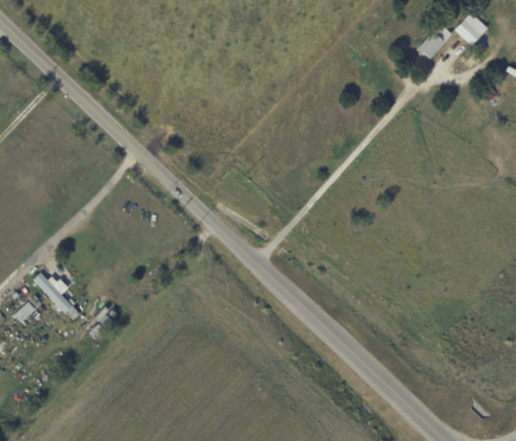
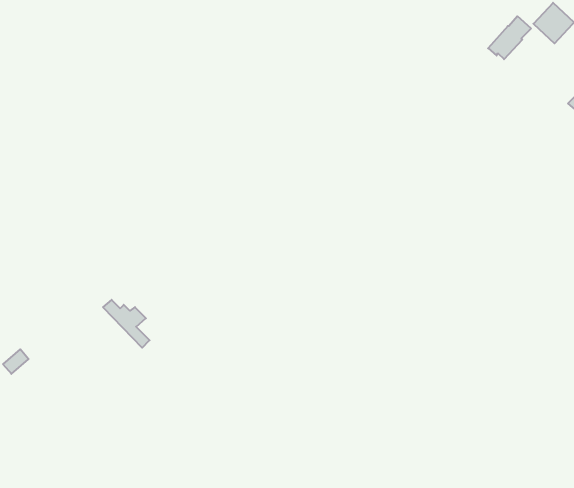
building: [33,272,72,312] -> [103,300,150,348]

